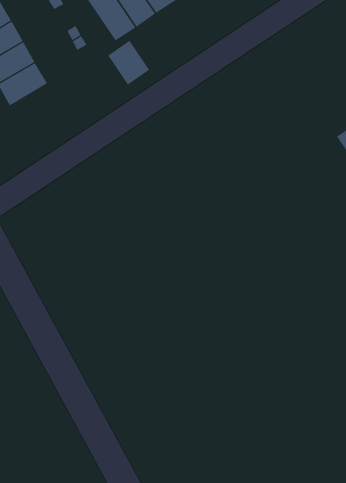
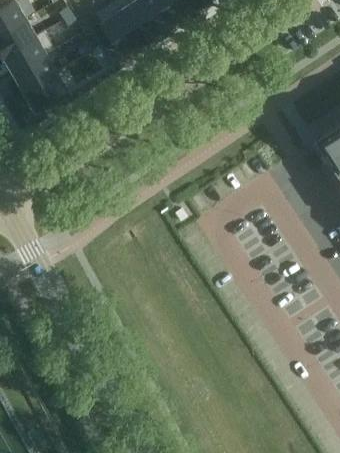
building: [107,40,150,85] -> none

